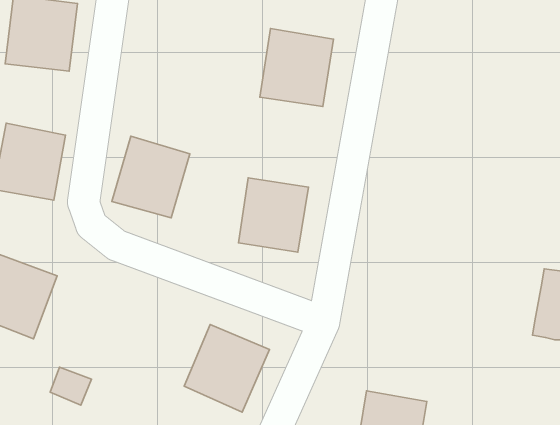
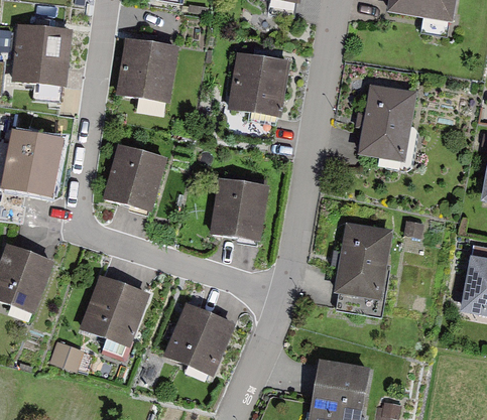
building: none -> [116,36,178,103]
building: none -> [357,84,418,163]
building: none -> [334,221,393,301]
building: none -> [79,274,150,347]

